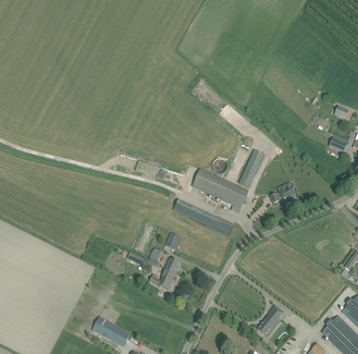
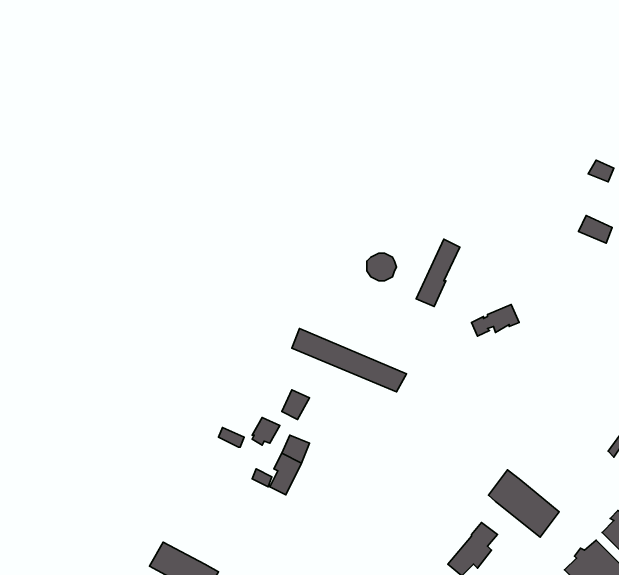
building: [193,172,247,212] -> none
building: none -> [488,470,559,537]

